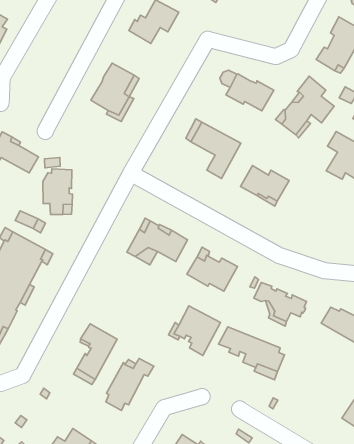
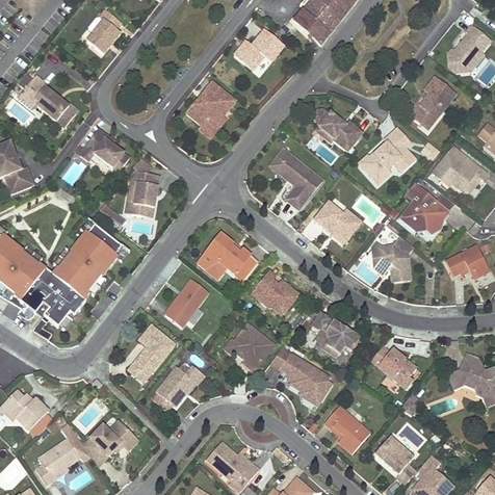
building: none -> [370,236,413,281]
building: none -> [165,278,209,325]
building: none -> [323,405,369,452]

